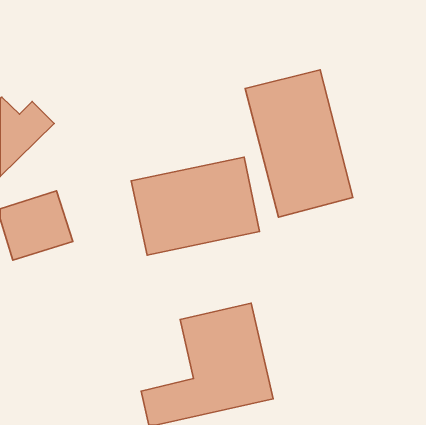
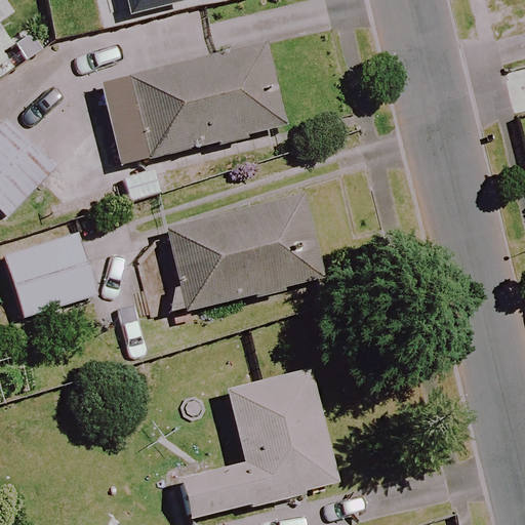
building: none -> [102,47,277,201]
building: [245,70,353,217] -> none

